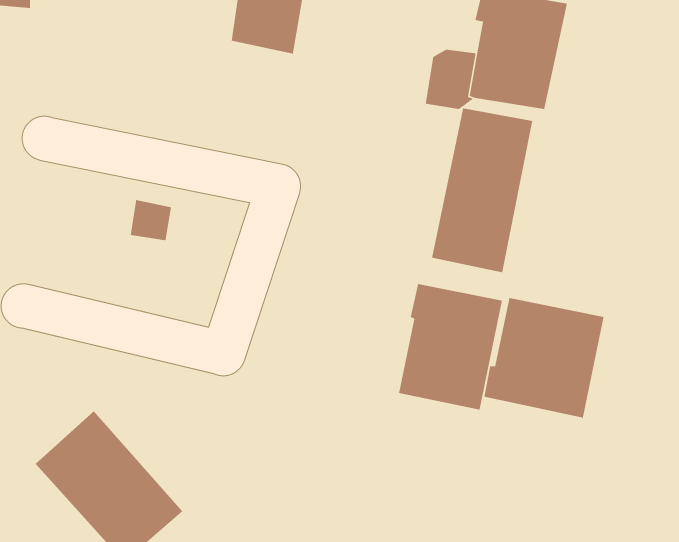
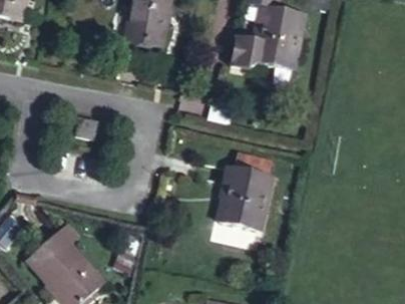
building: [431,107,533,273] -> none
building: [484,297,605,418] -> none

